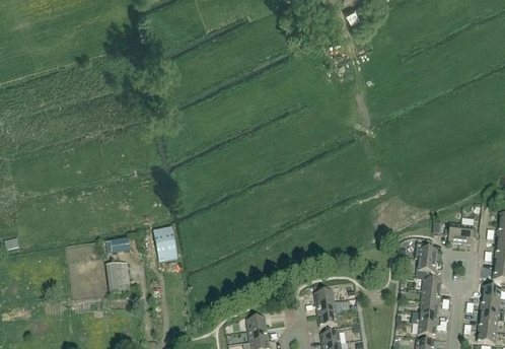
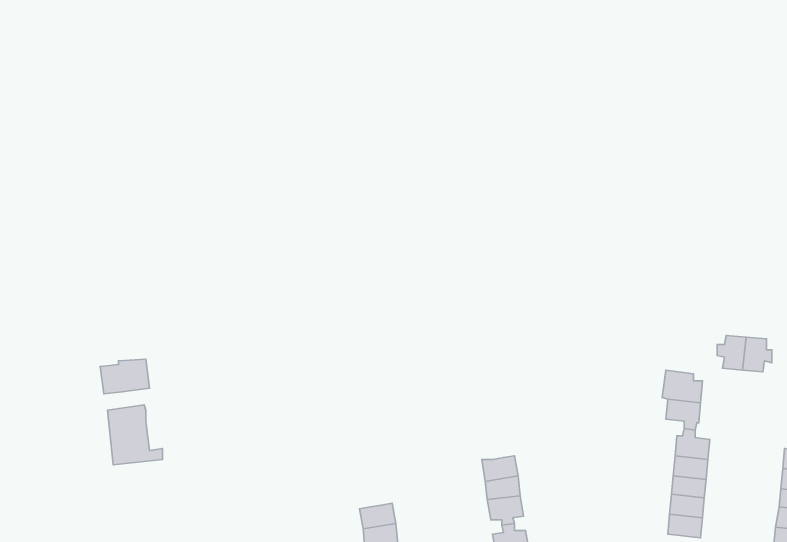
building: [153,227,177,261] -> none

